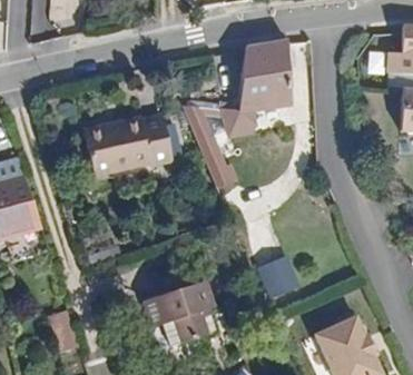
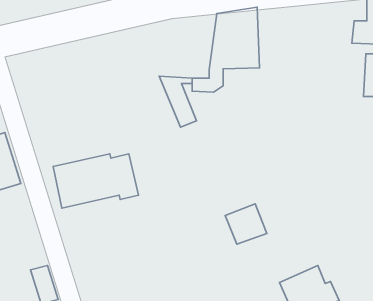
building: [79,112,168,169] -> [53,154,138,208]
building: [158,280,213,343] -> none

